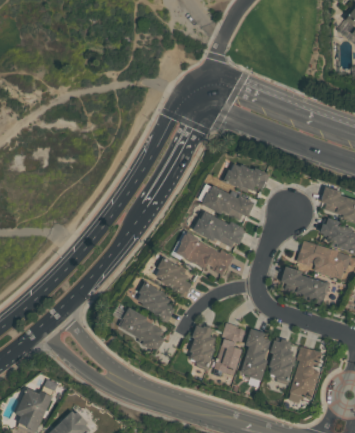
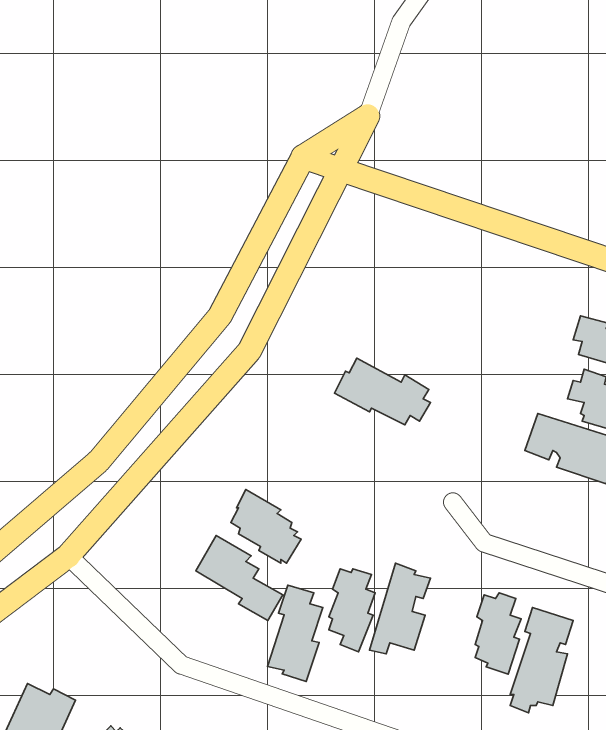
building: [220,164,267,192] -> none
building: [202,186,255,218] -> none
building: [176,232,234,275] -> none
building: [157,257,193,298] -> none
building: [281,266,329,301] -> none
building: [240,329,270,381] -> [267,585,323,681]

